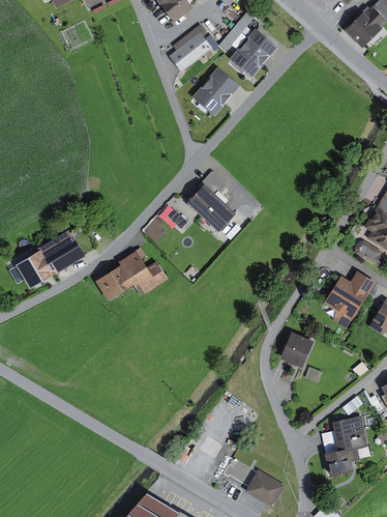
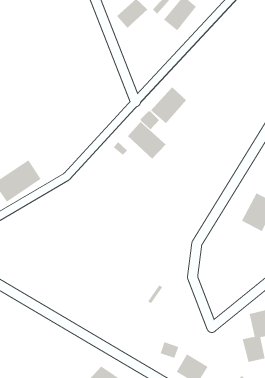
building: [193,67,238,113] -> none
building: none -> [150,86,187,124]
building: [94,252,166,301] -> none
building: [280,331,310,367] -> none

